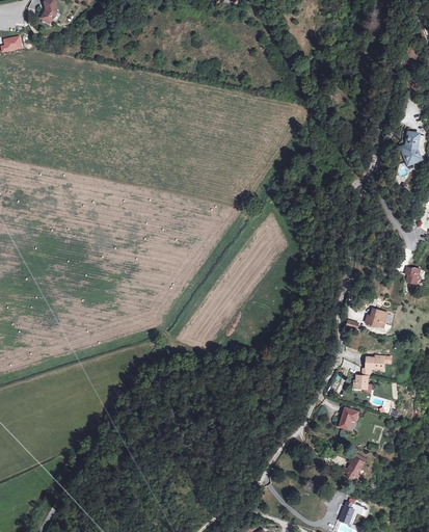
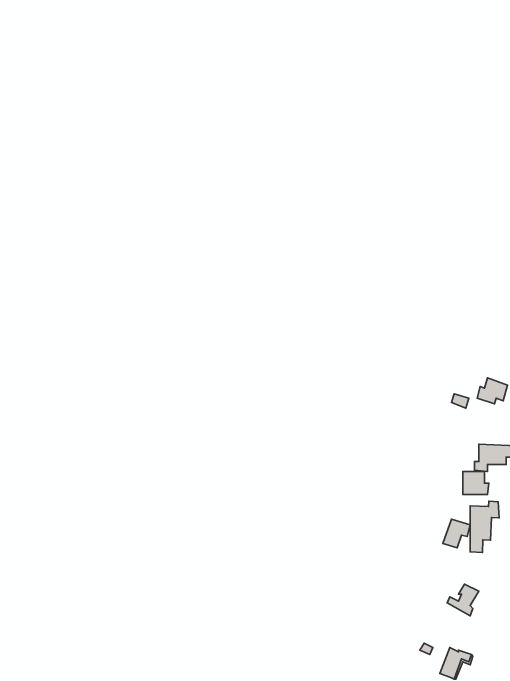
building: none -> [470,501,499,552]

